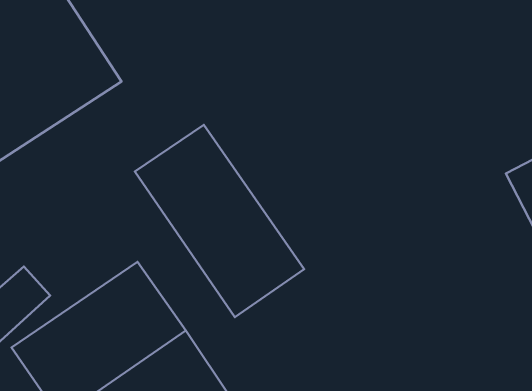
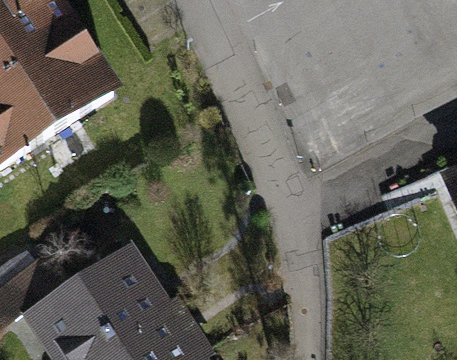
building: [135,125,304,317] -> none

